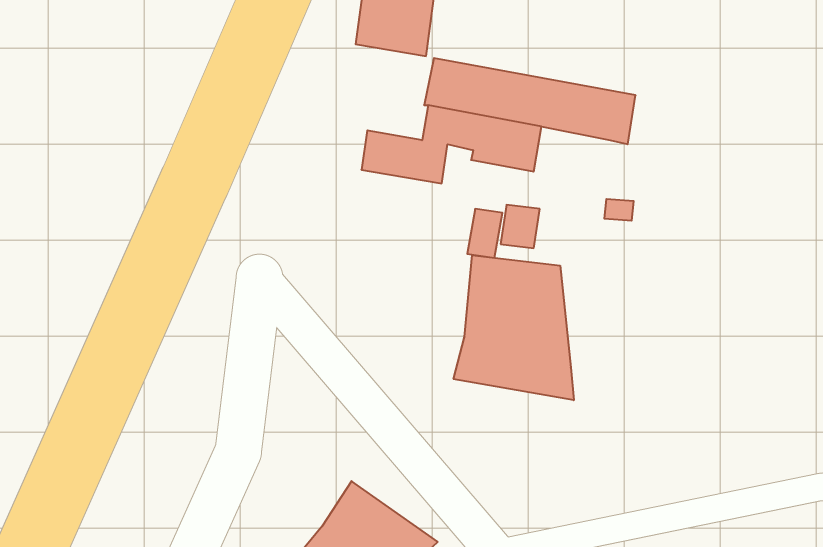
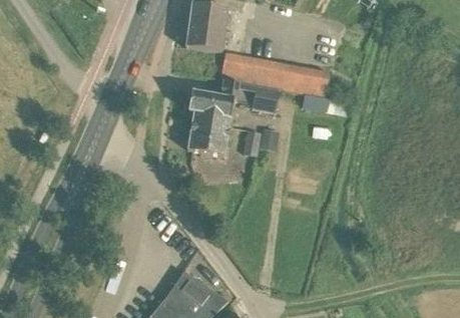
building: none -> [187,110,231,154]
building: [454,255,574,400] -> none

